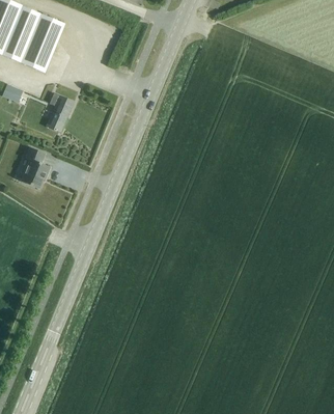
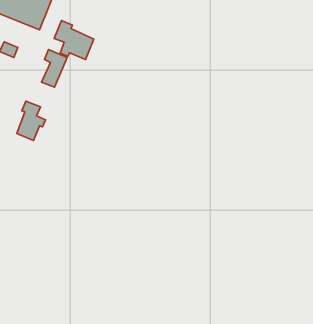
building: none -> [54,21,94,59]

